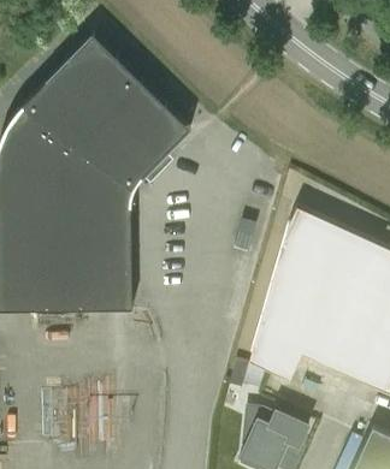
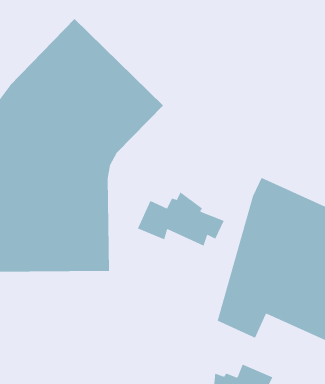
building: none -> [137,191,224,246]

